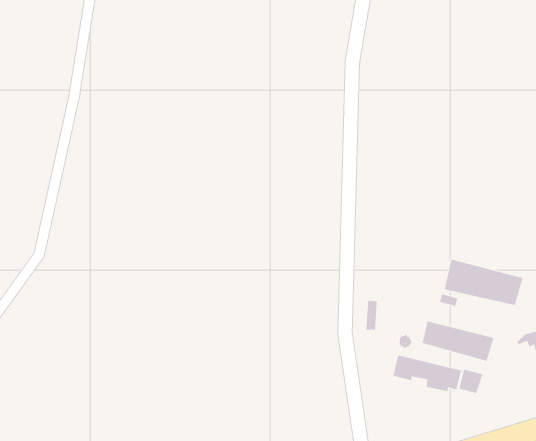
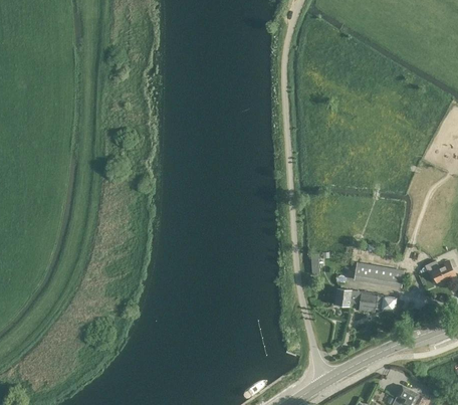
building: [444,259,523,306] -> none

